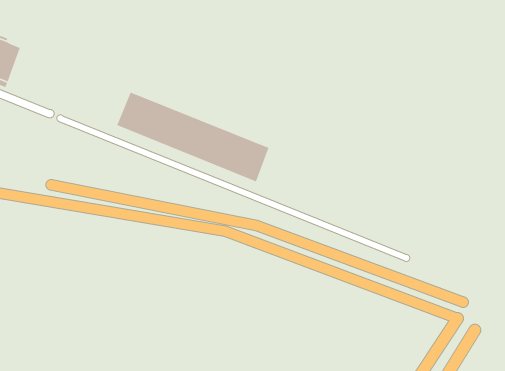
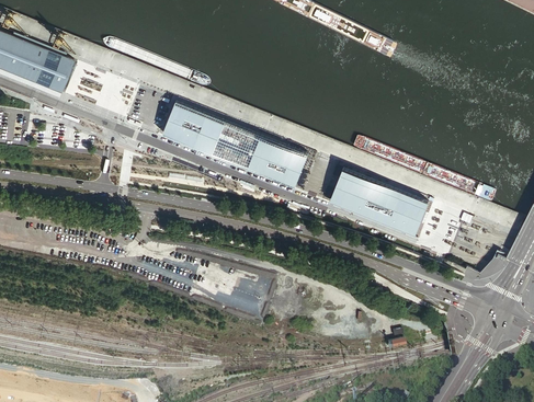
building: none -> [330,170,427,237]

